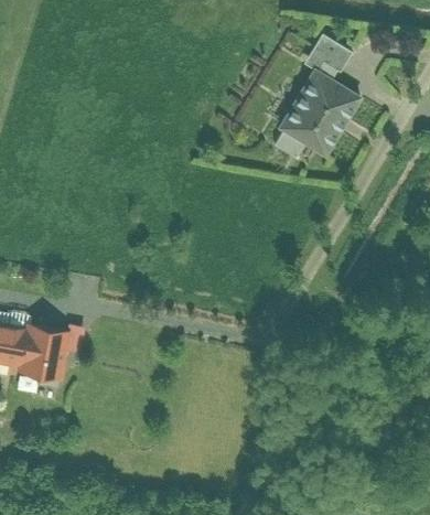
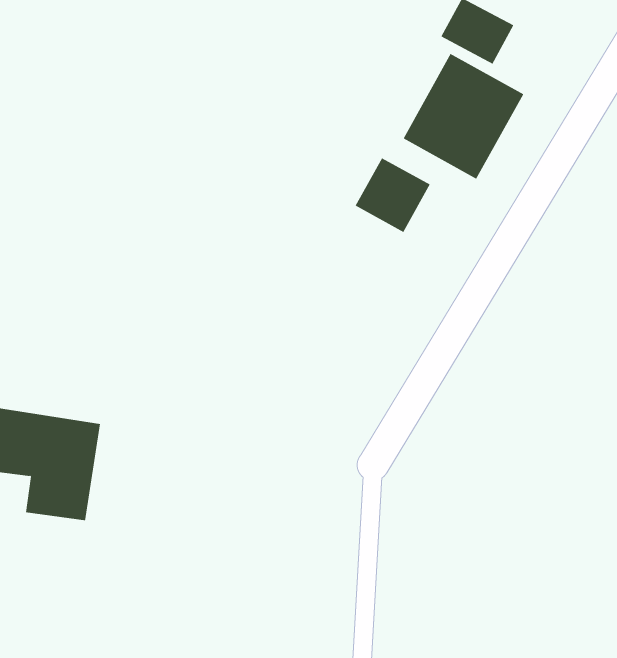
building: none -> [355,157,430,233]

